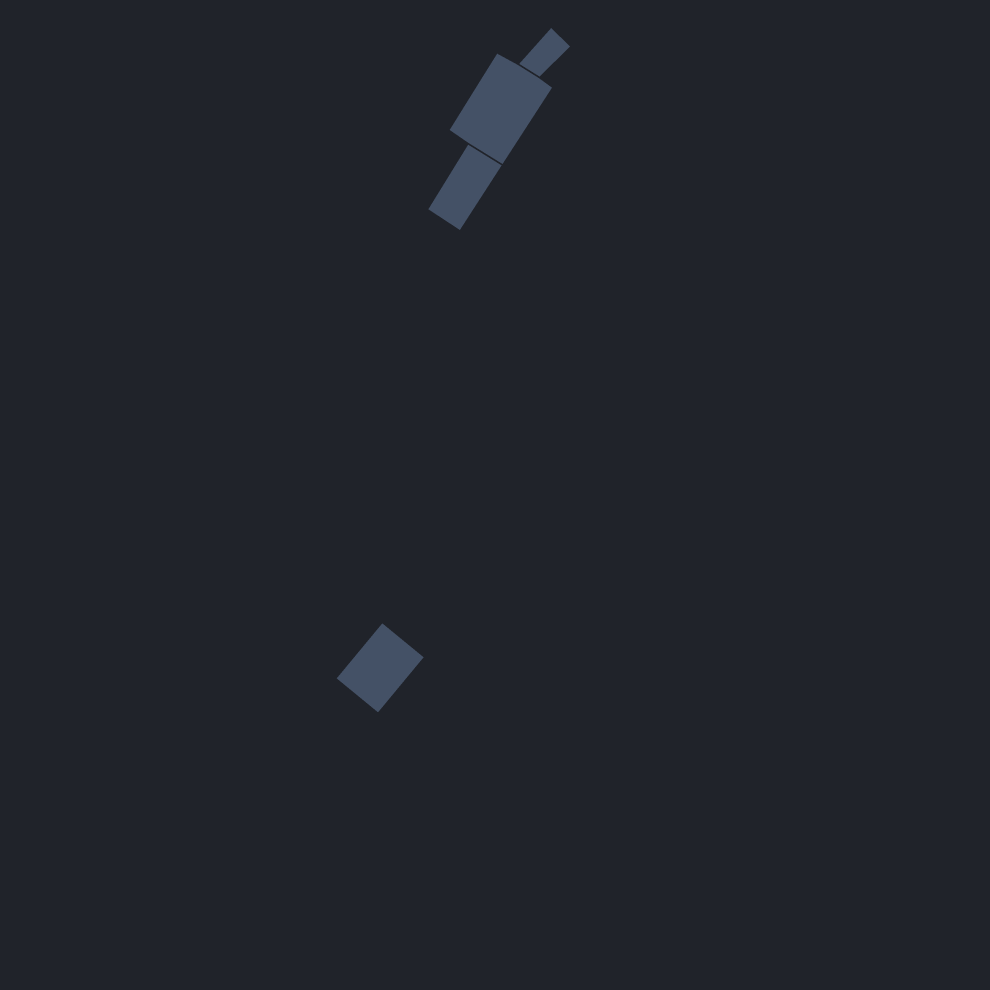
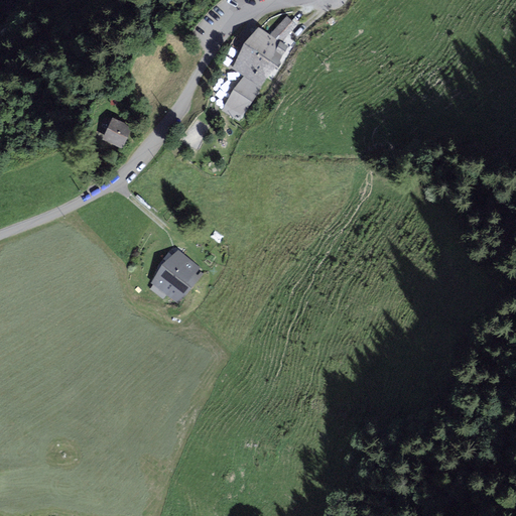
building: none -> [104,118,129,145]
building: [335,622,425,714] -> [153,253,200,300]

